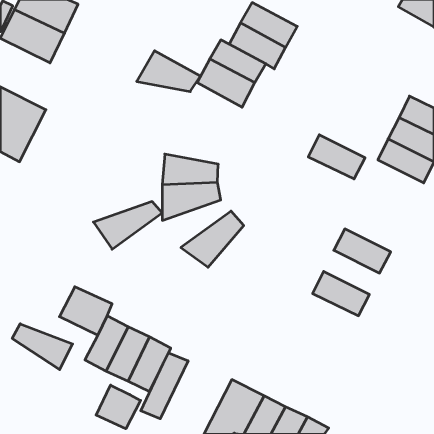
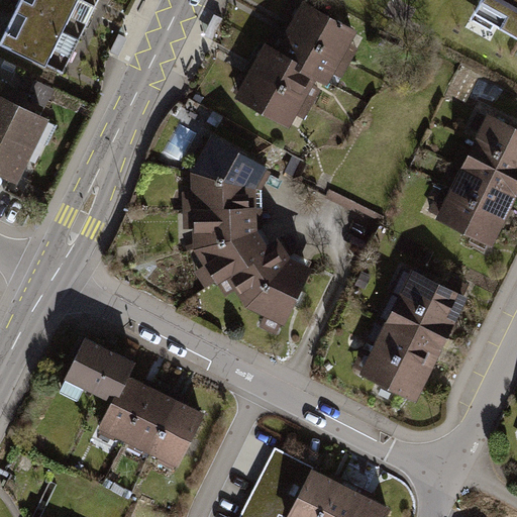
building: [137,51,200,92] -> [196,146,272,195]
building: [308,135,365,179] -> [436,190,504,242]
building: [93,202,162,249] -> [193,237,275,294]
building: none -> [247,268,310,335]
building: none -> [385,297,451,349]
building: none -> [359,348,426,400]
building: [12,324,73,370] -> none
building: [141,353,188,419] -> none
building: [96,385,141,429] -> none

